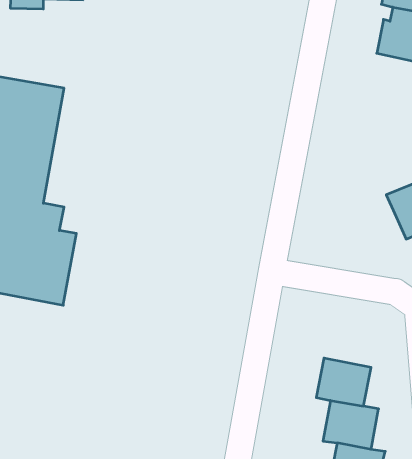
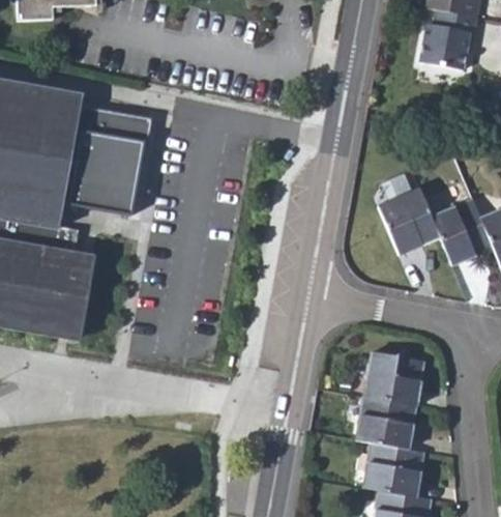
building: none -> [67,98,149,216]
building: none -> [378,189,440,254]
building: none -> [362,352,421,406]

